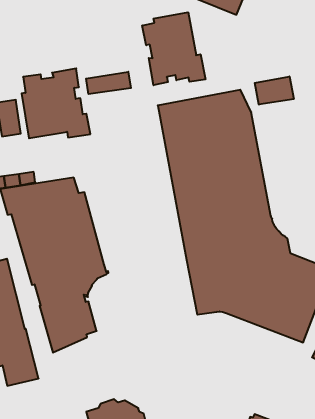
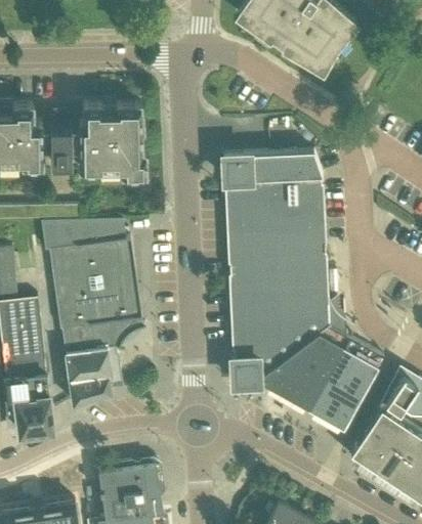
building: [142,12,205,85] -> none
building: [86,72,131,94] -> none
building: [255,76,294,105] -> none

